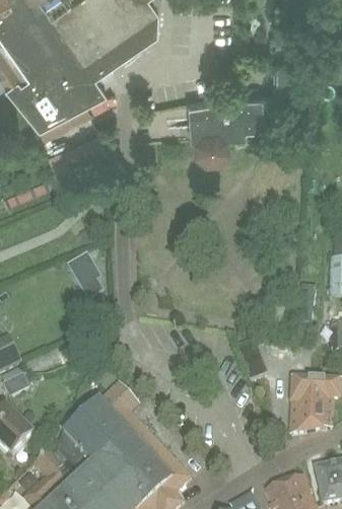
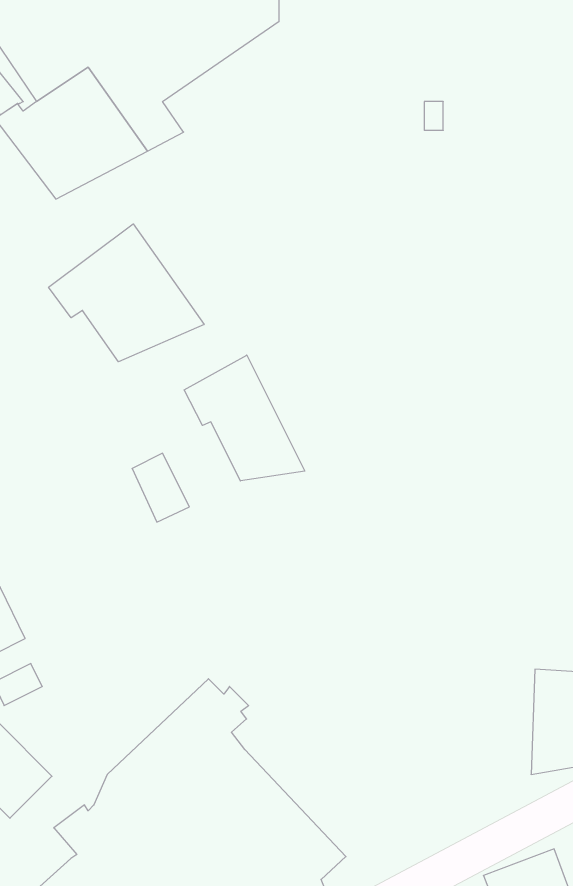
building: [187,94,261,161] -> none
building: none -> [49,224,204,362]
building: none -> [184,355,305,481]

